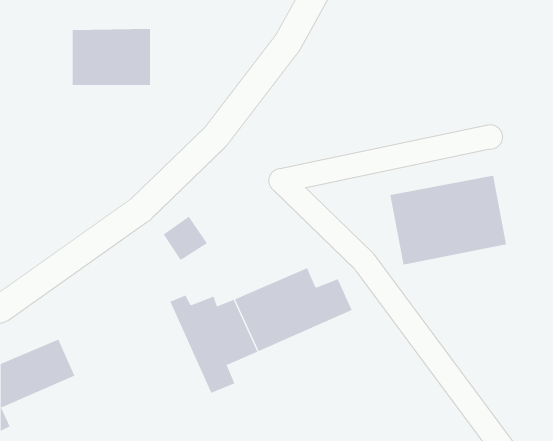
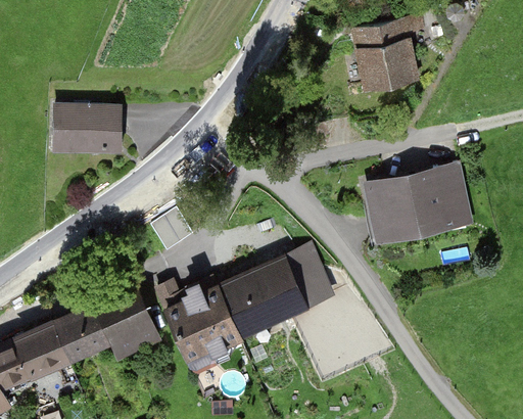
building: none -> [350,22,418,94]
building: [72,29,151,86] -> [54,102,128,155]
building: none -> [55,284,159,355]

